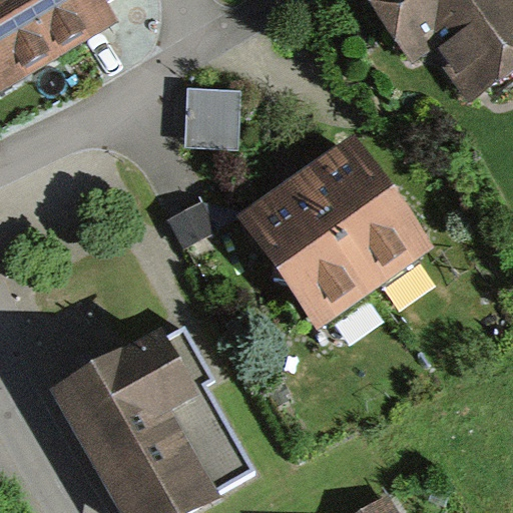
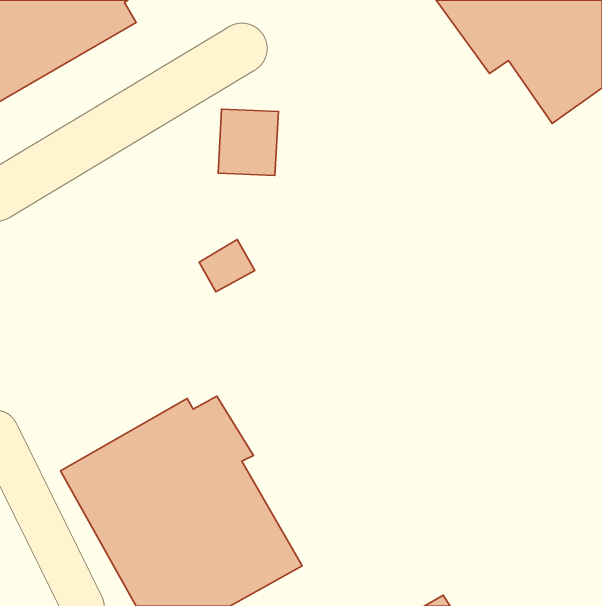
building: [240,135,431,326] -> none

